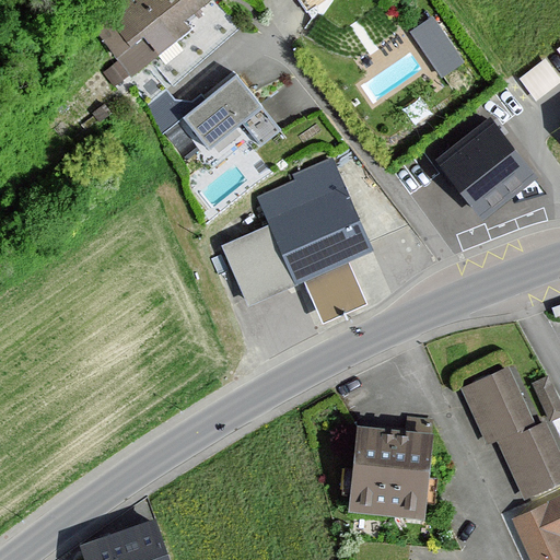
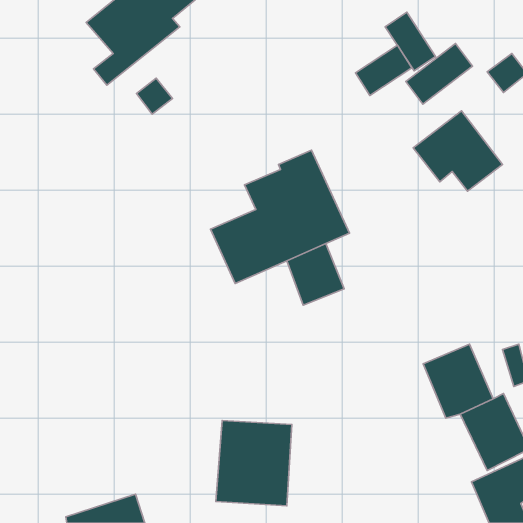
building: none -> [406,43,472,104]
building: none -> [355,45,412,95]
building: [186,73,283,148] -> none
building: [340,429,421,520] -> [216,420,292,506]

